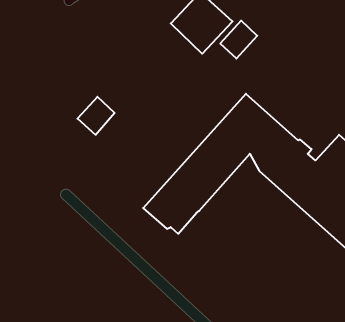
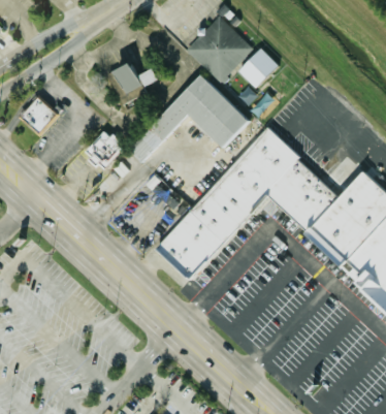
building: none -> [110,63,159,103]
building: none -> [128,73,251,163]
building: none -> [20,94,58,132]

